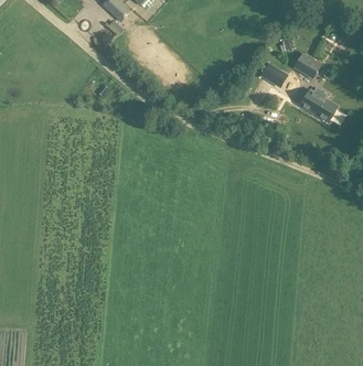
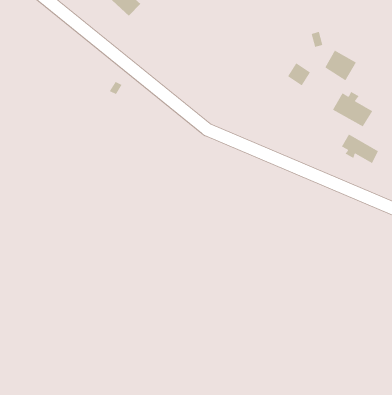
building: none -> [341,134,379,164]

